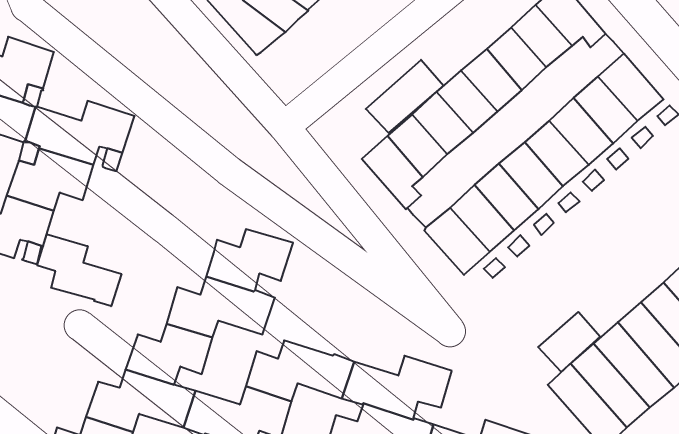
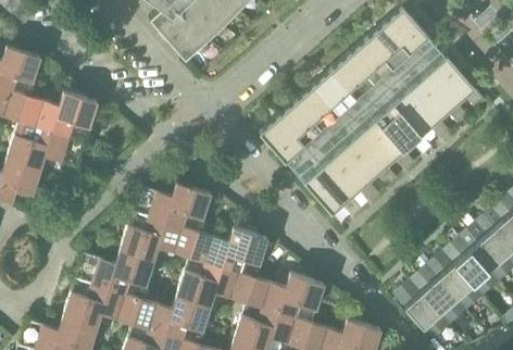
building: [366,60,444,133] -> none
building: [37,234,121,306] -> none
building: none -> [189,228,267,274]
building: [538,312,600,372] -> none

